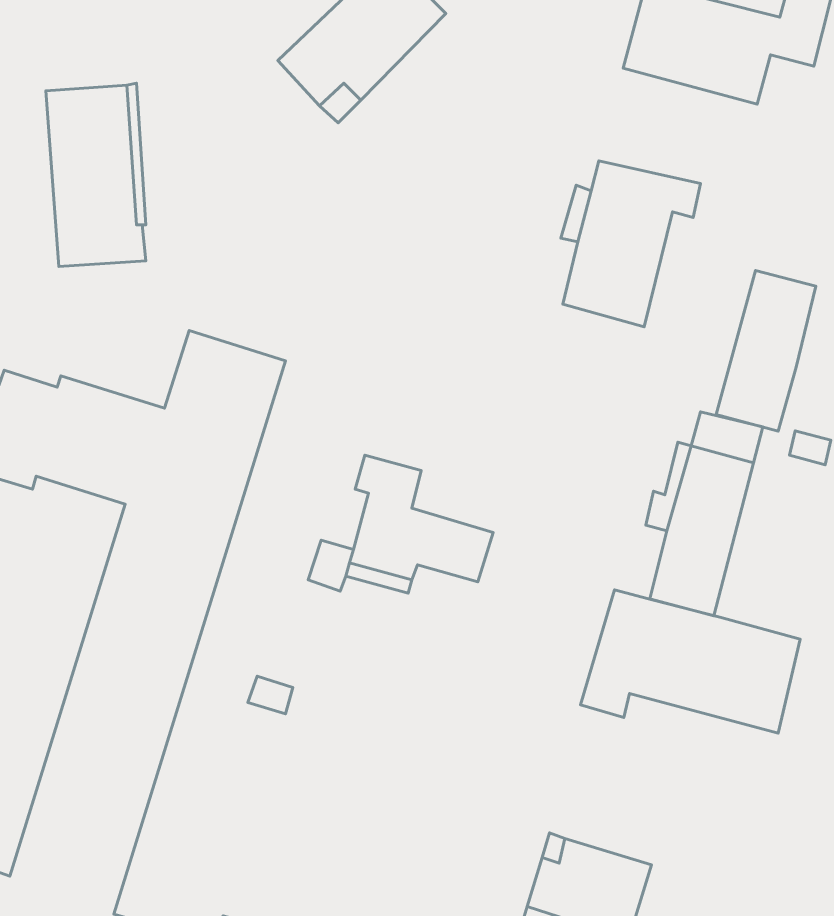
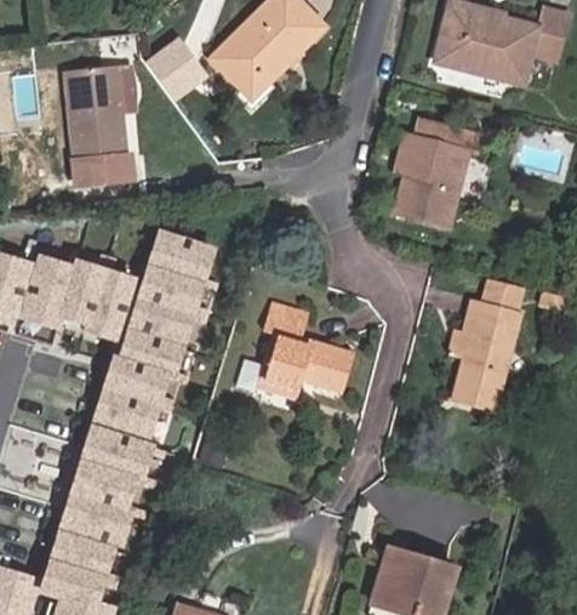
building: none -> [147,36,210,102]
building: [716,270,816,431] -> none
building: [580,590,800,733] -> none

